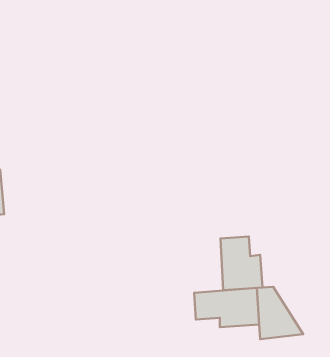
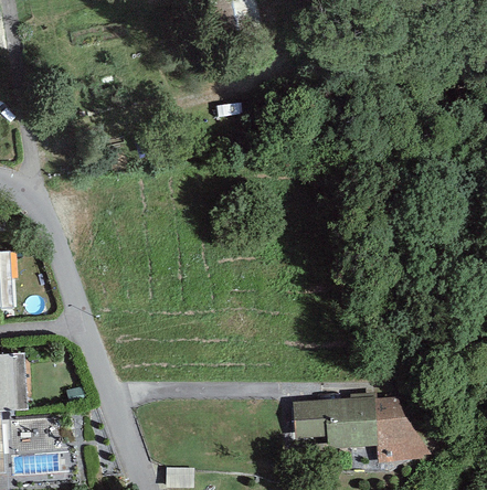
building: [221,236,263,290] -> none

